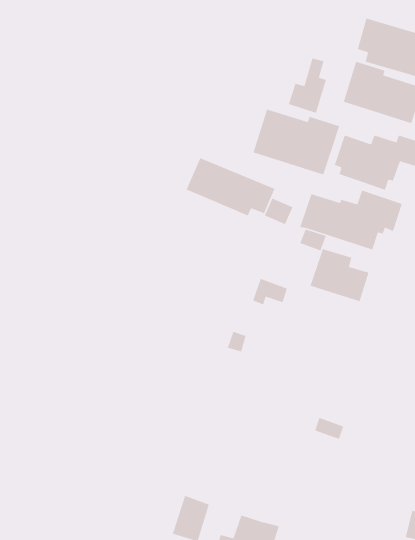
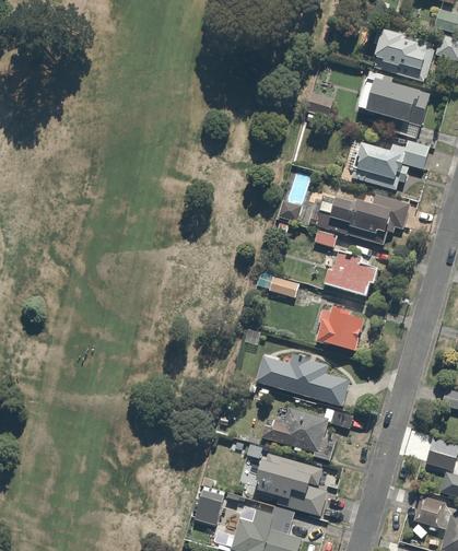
building: [252,109,340,175] -> none
building: [185,157,275,216] -> none
building: none -> [315,300,369,352]
building: none -> [254,354,354,408]
building: none -> [257,407,333,461]
building: none -> [250,449,331,520]

